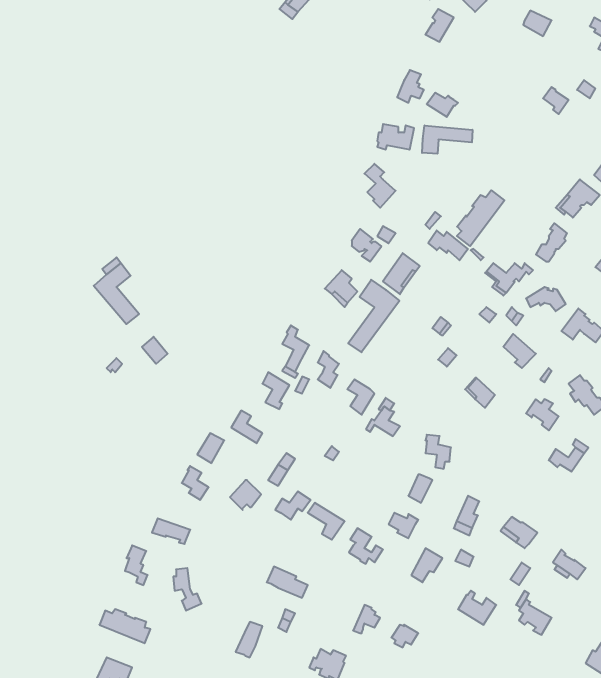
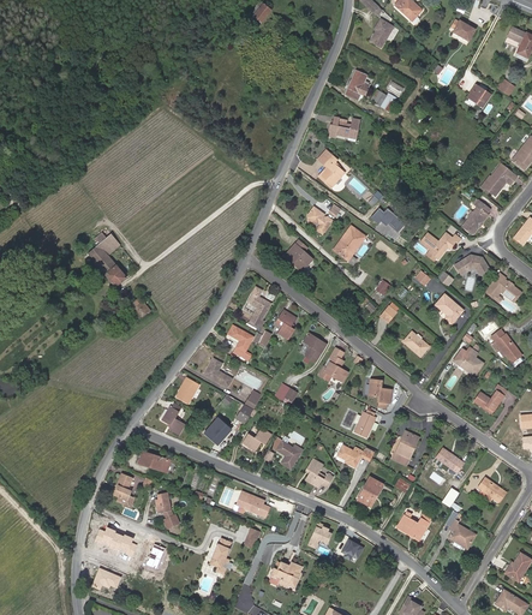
building: [422,125,472,154] -> none
building: [457,190,504,246] -> none
building: [348,280,399,352] -> none

